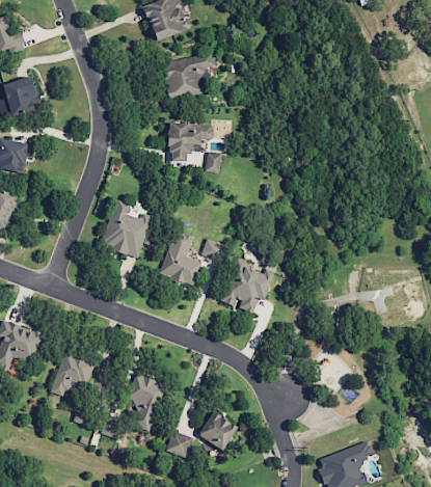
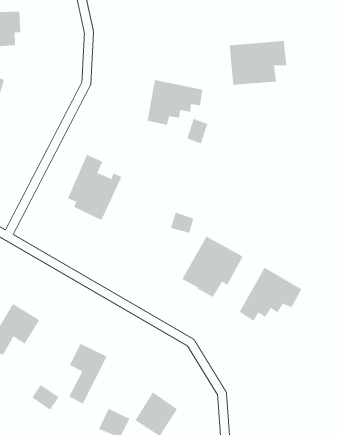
building: [159,51,216,100] -> [229,40,287,85]
building: [160,229,203,287] -> none
building: none -> [239,267,302,321]

